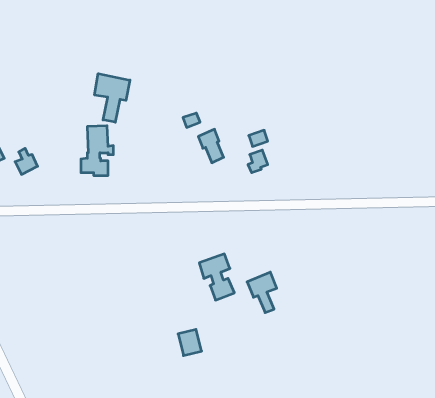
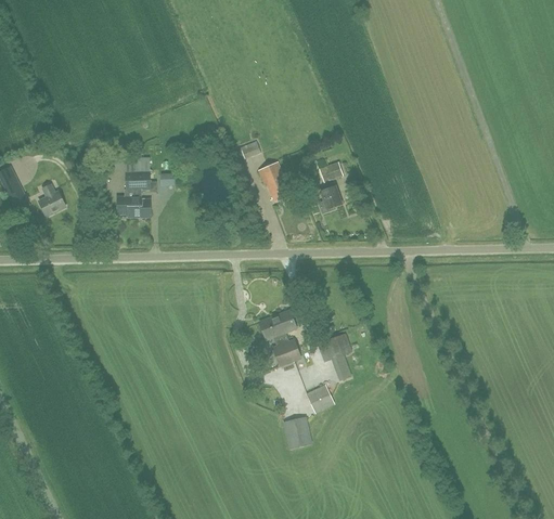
building: [95,74,130,122] -> none
building: none -> [305,385,335,414]
building: [178,329,202,356] -> [283,417,311,449]

